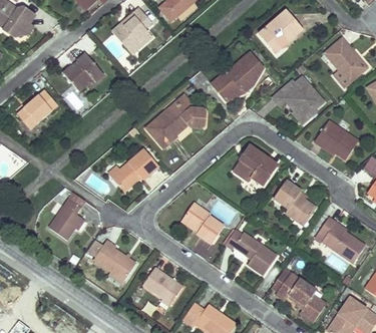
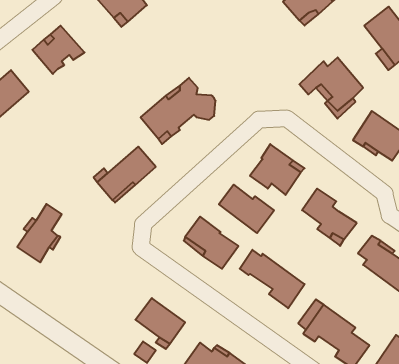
building: [212,53,264,100] -> none
building: none -> [219,185,274,233]
building: [94,240,137,280] -> none

